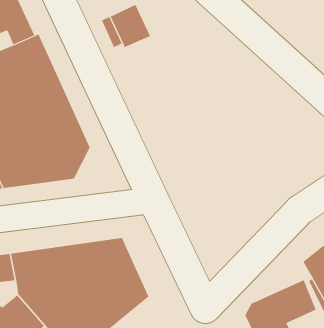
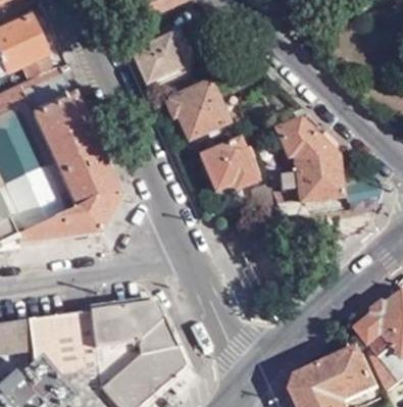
building: none -> [170,80,230,145]
building: none -> [271,118,343,212]
building: none -> [199,138,256,190]

